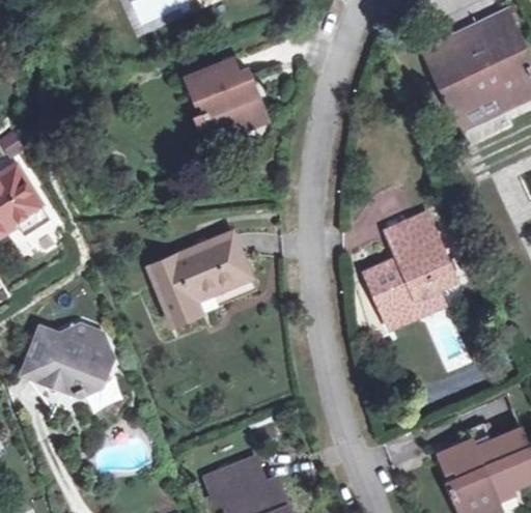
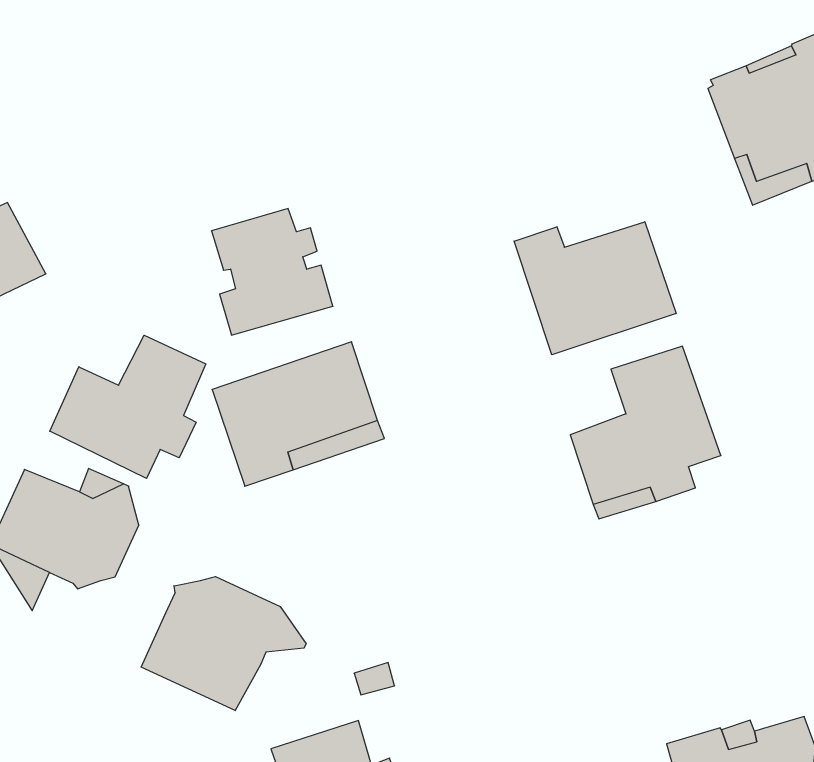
building: [188,58,264,137] -> [211,209,333,335]
building: none -> [514,222,676,355]
building: none -> [50,335,206,478]
building: none -> [141,577,306,711]

